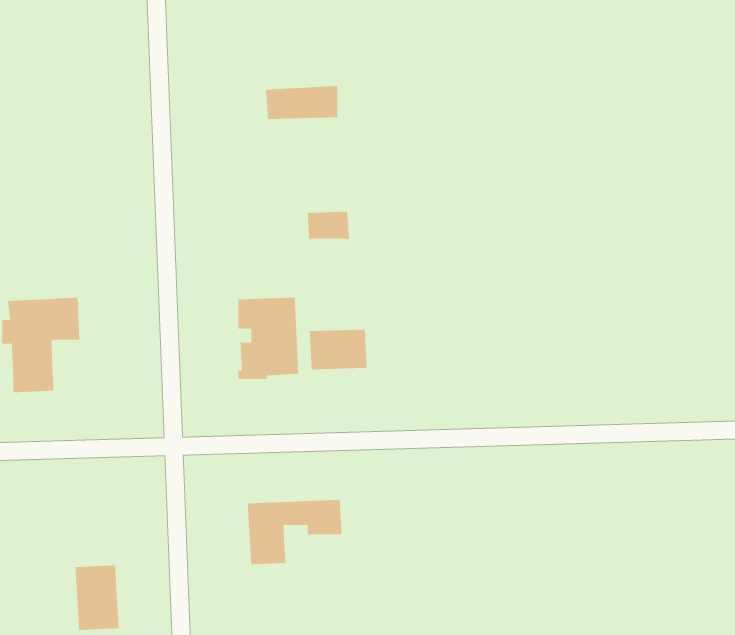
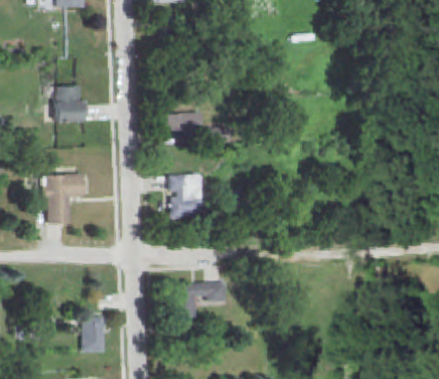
building: [265,86,338,119] -> [162,112,201,130]
building: none -> [54,86,88,121]
building: [309,329,367,370] -> none

